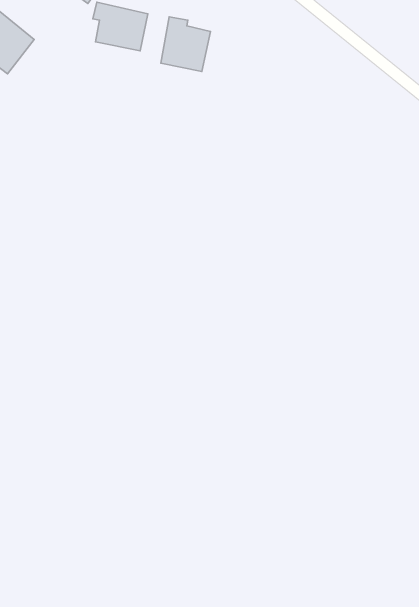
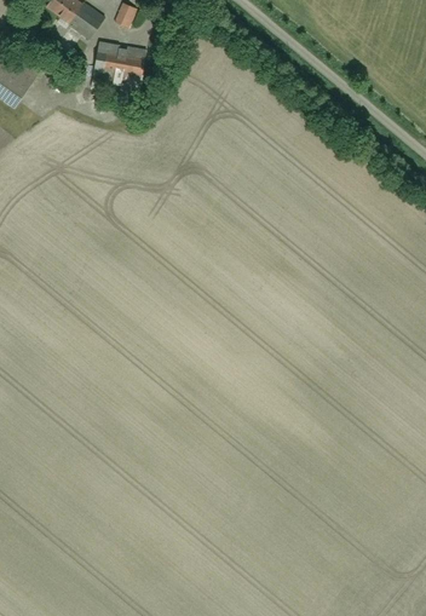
building: [161,17,211,72] -> none

